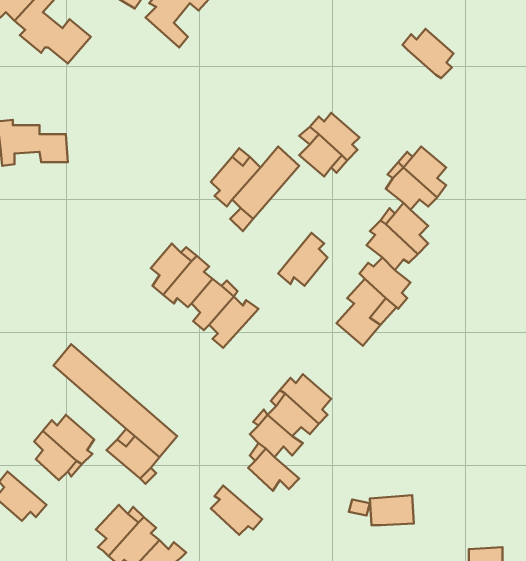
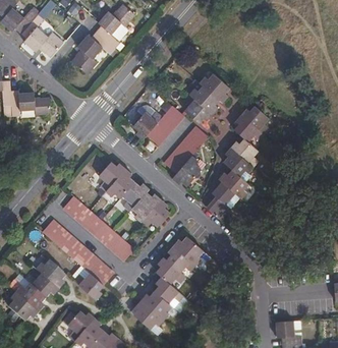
building: none -> [71,31,114,74]
building: [402,29,454,78] -> [199,73,228,102]
building: none -> [163,125,208,173]
building: none -> [62,195,133,260]
building: none -> [139,198,168,226]
building: none -> [15,283,45,311]
building: none -> [139,290,170,320]
building: [370,495,414,525] -> [275,320,300,337]

